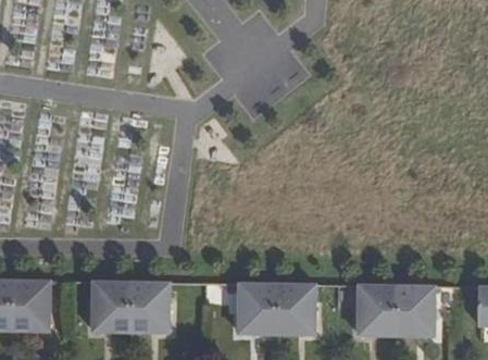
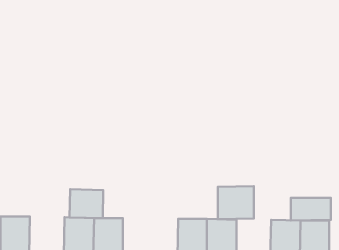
building: none -> [218,186,254,219]
building: none -> [70,189,103,218]
building: none -> [291,198,331,220]

